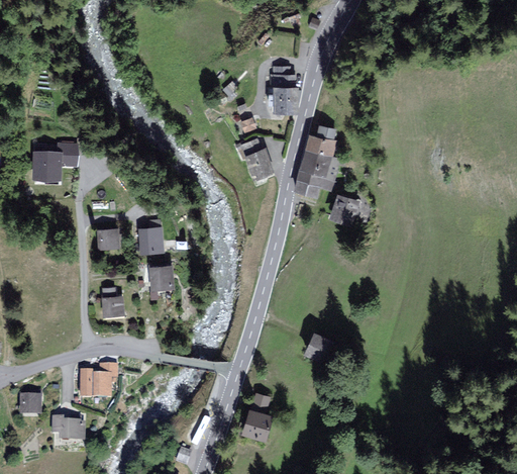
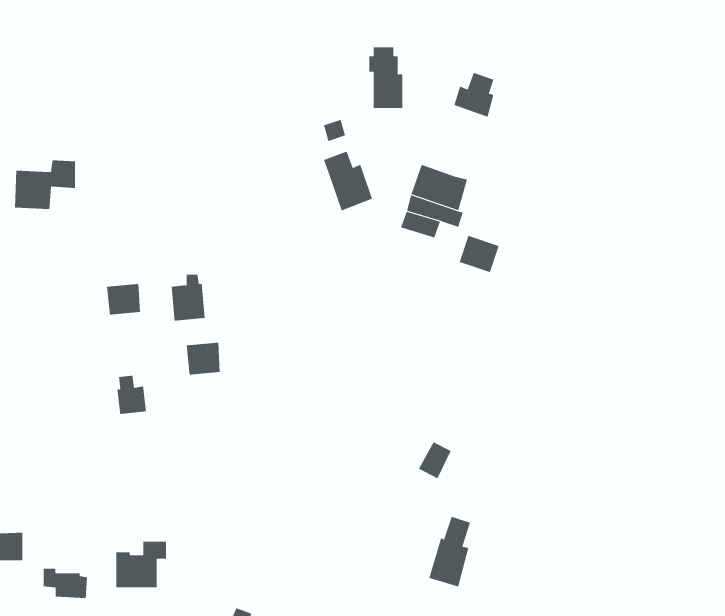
building: [307,125,334,156] -> [454,72,494,117]
building: [82,365,116,396] -> [115,541,167,588]
building: [242,394,271,442] -> [429,516,471,587]

